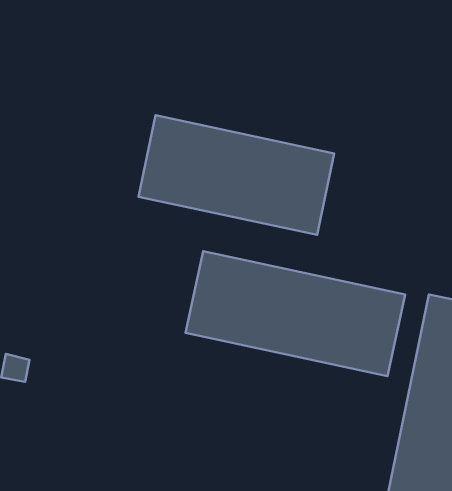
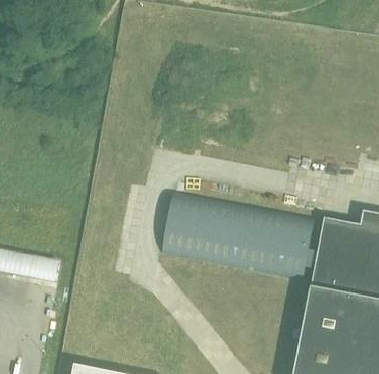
building: [138,115,334,235] -> none

